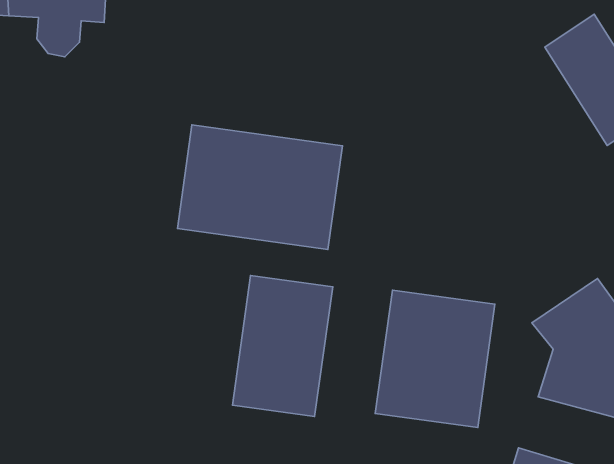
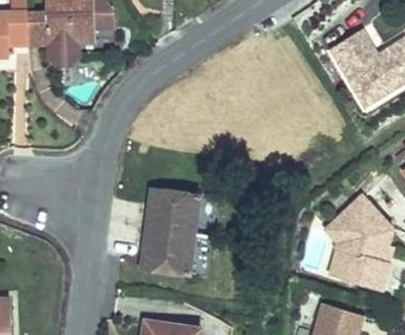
building: [178,125,342,249] -> none
building: [375,290,495,428] -> none

